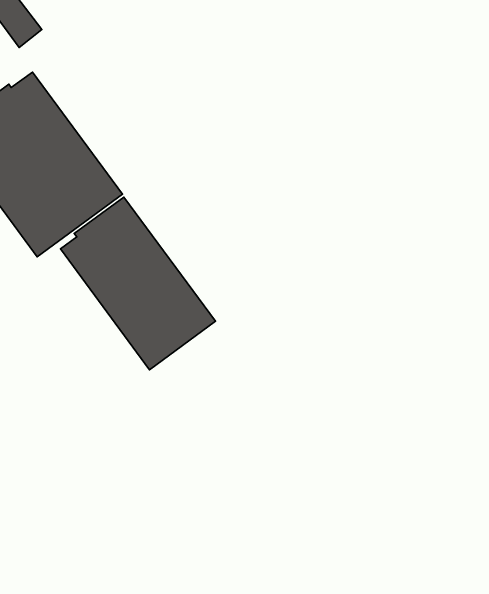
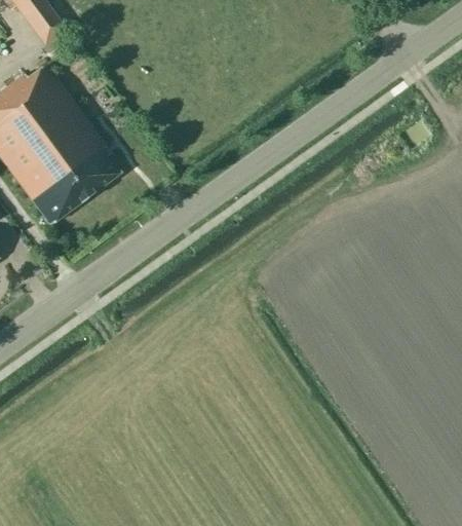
building: [60,197,215,370] -> none

